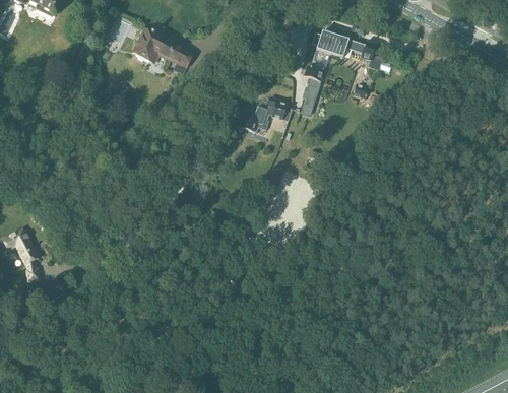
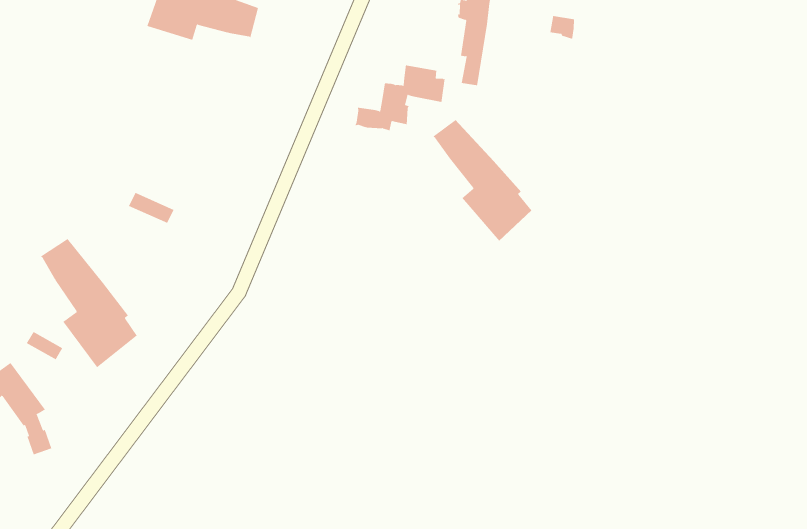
building: none -> [432,119,532,242]
building: none -> [40,238,138,368]

